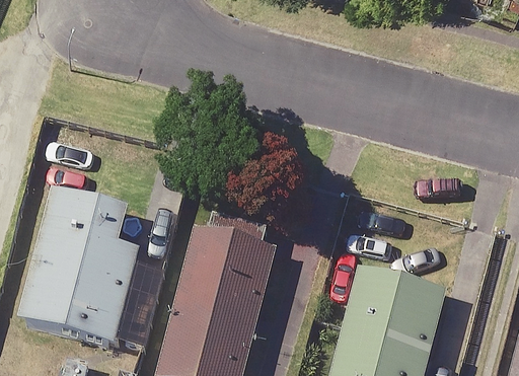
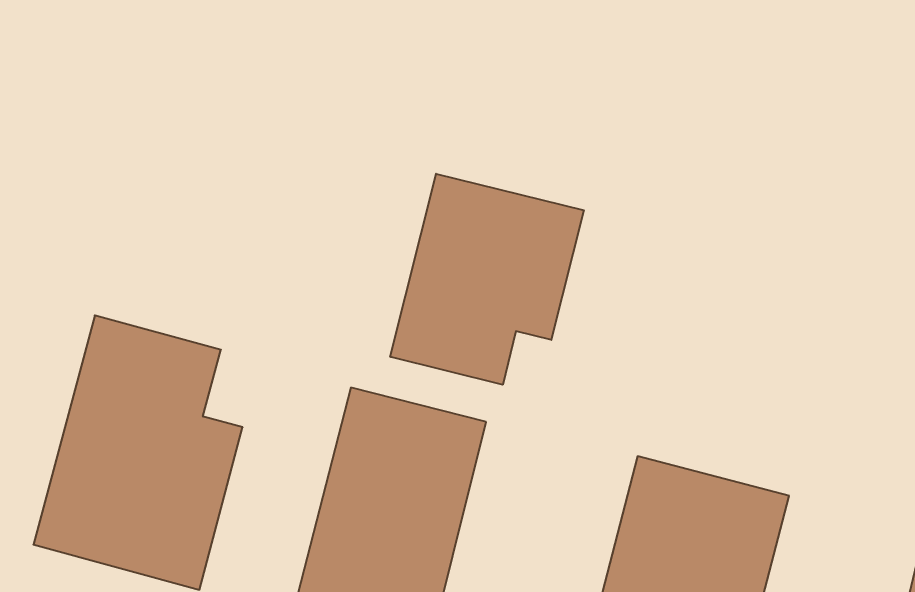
building: none -> [390,174,584,385]

